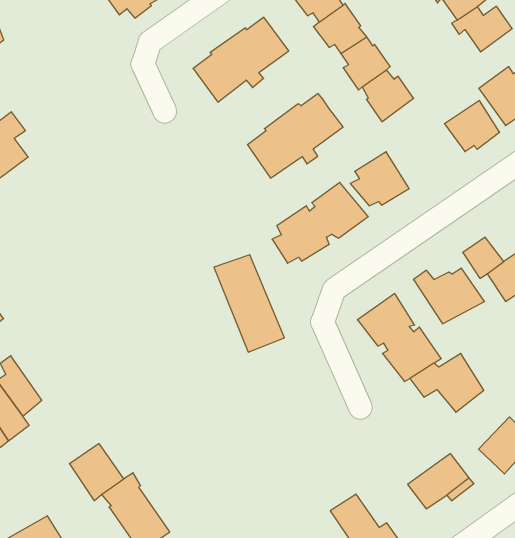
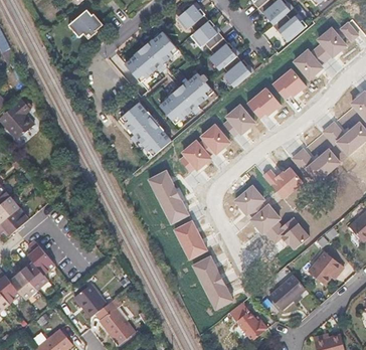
building: none -> [246,85,281,119]
building: none -> [121,102,171,156]
building: none -> [173,219,208,259]
building: none -> [191,255,234,310]

